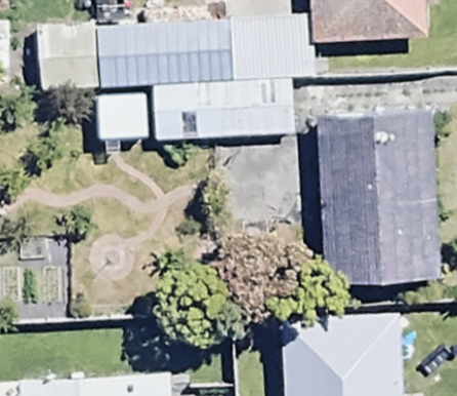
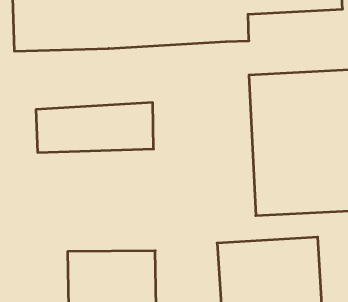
building: [149,79,289,138] -> [36,103,154,152]

